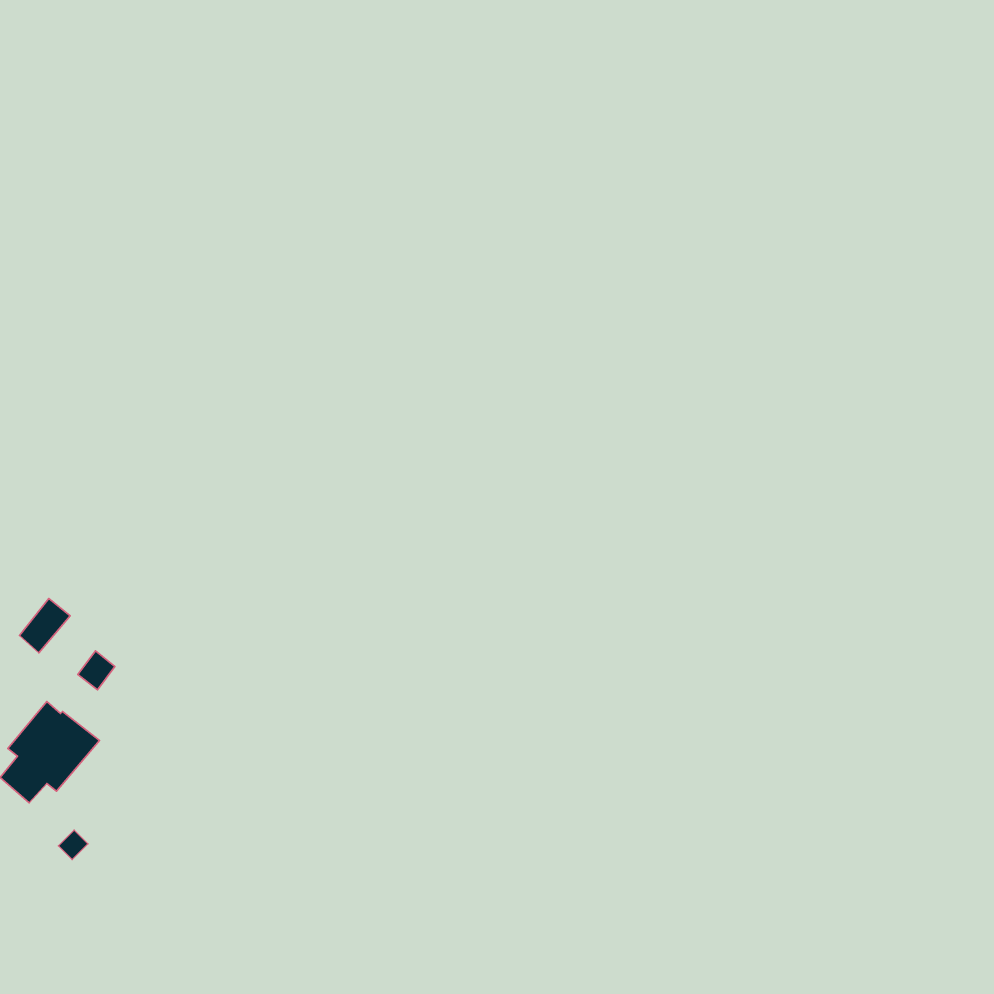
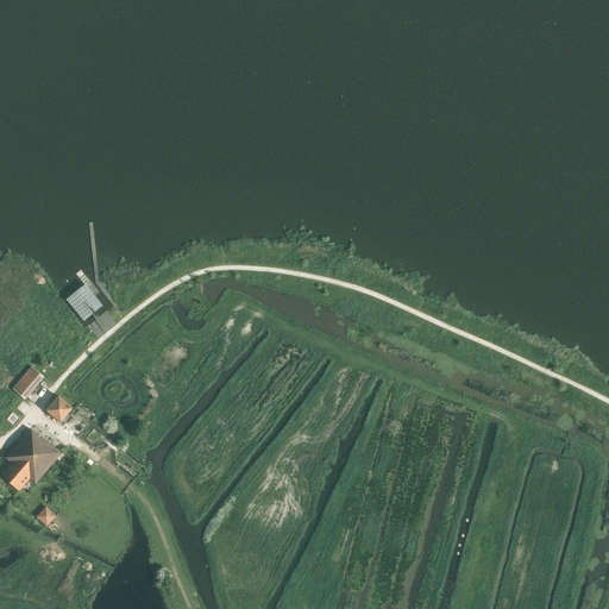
building: none -> [65,284,101,320]

